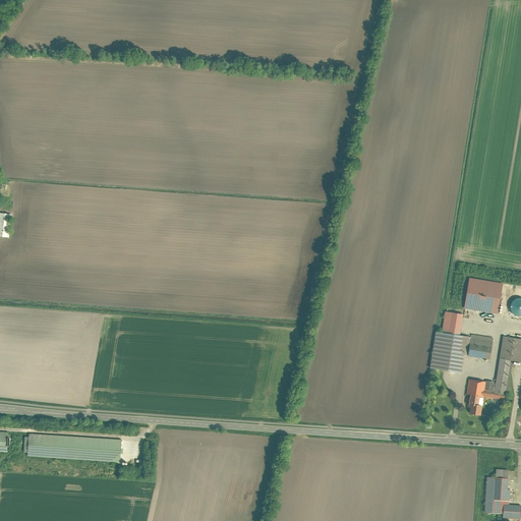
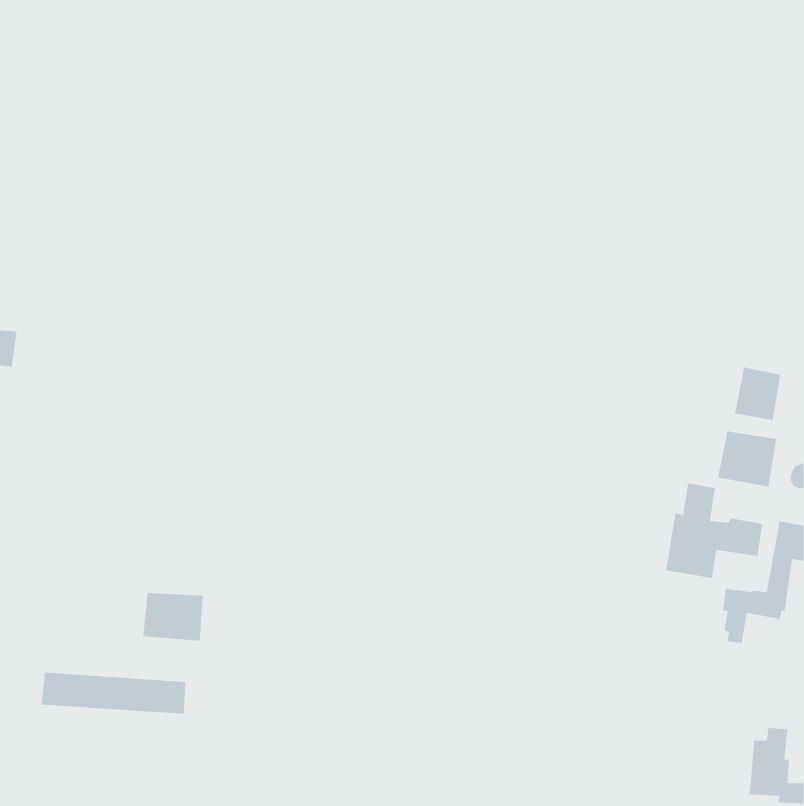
building: none -> [734,367,781,421]
building: none -> [142,592,203,642]

